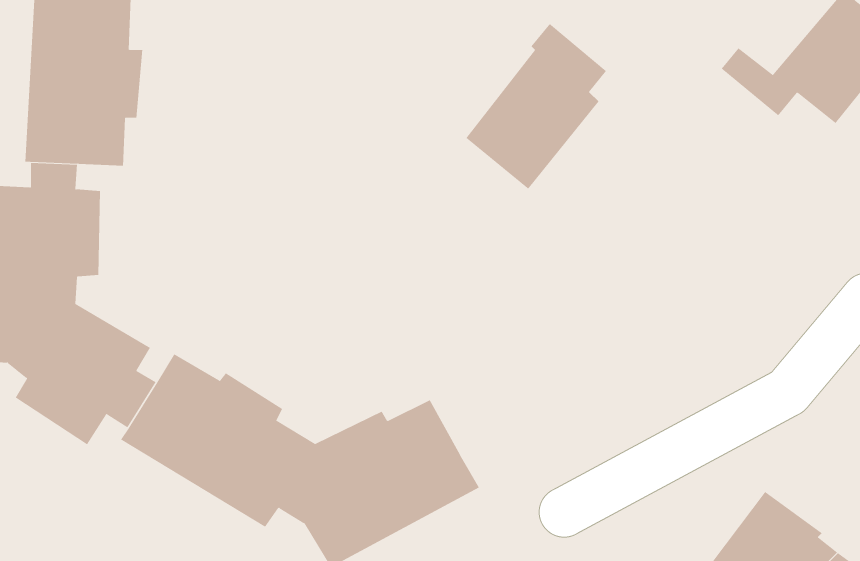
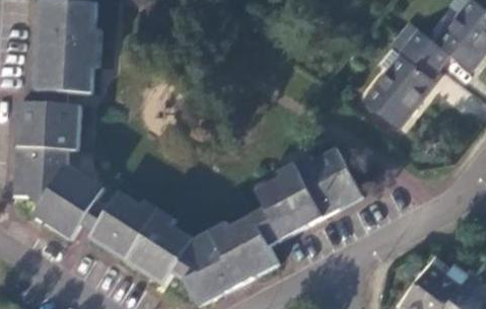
building: [465,23,607,190] -> [362,40,437,128]
building: none -> [253,148,362,244]

